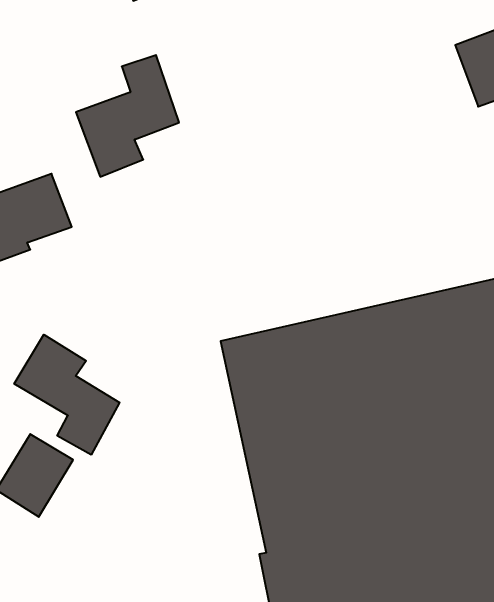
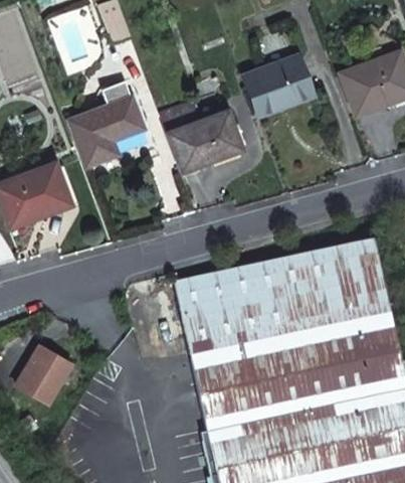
building: none -> [243,56,314,117]
building: none -> [161,104,242,173]
building: [14,335,120,455] -> none

